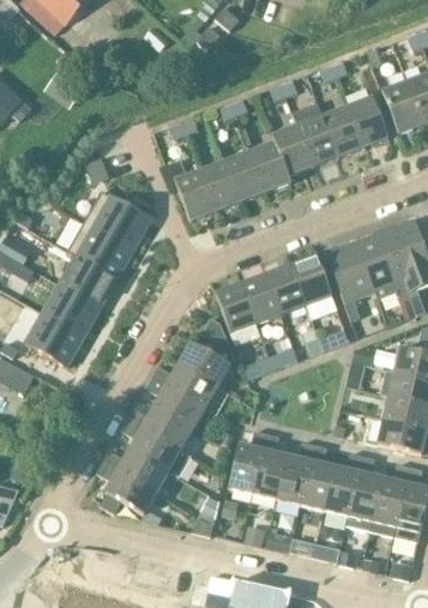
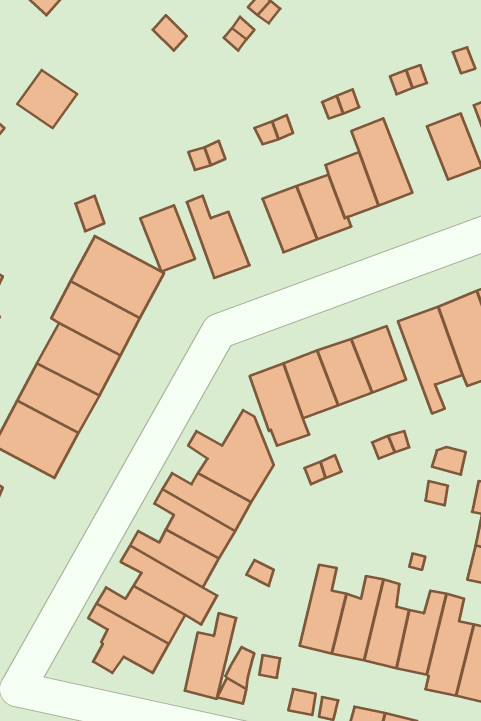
building: [320,107,362,156] -> none
building: [199,161,240,210] -> [140,205,195,272]
building: [228,429,266,493] -> [185,613,236,699]

